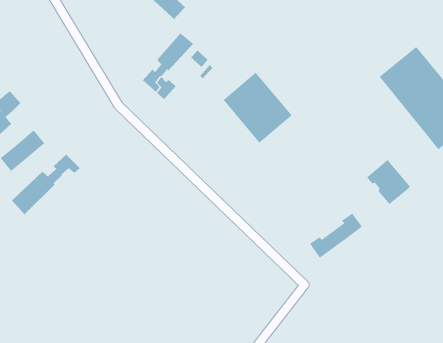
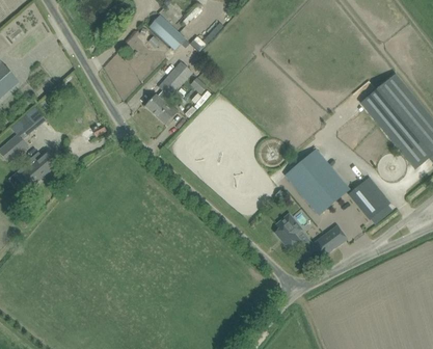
building: [223,72,292,144] -> [286,150,349,215]
building: [11,154,81,215] -> none
building: none -> [275,214,302,248]

